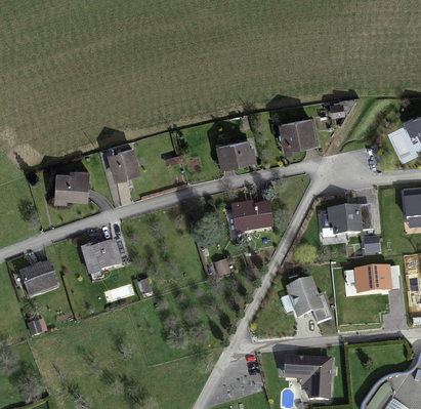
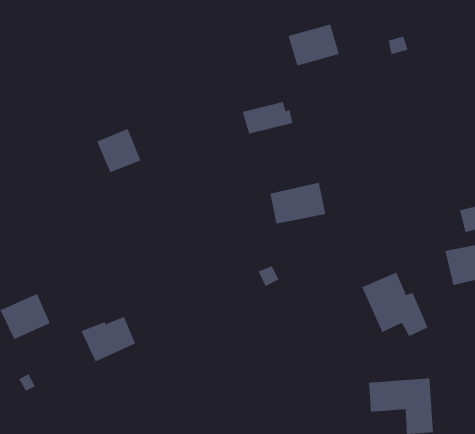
building: [279,118,315,147] -> [288,23,340,66]
building: [53,172,85,201] -> none
building: [320,203,374,235] -> none
building: [79,242,119,274] -> [80,316,136,362]

